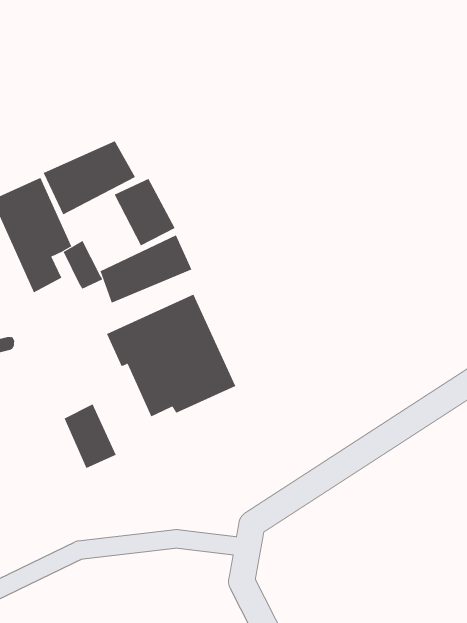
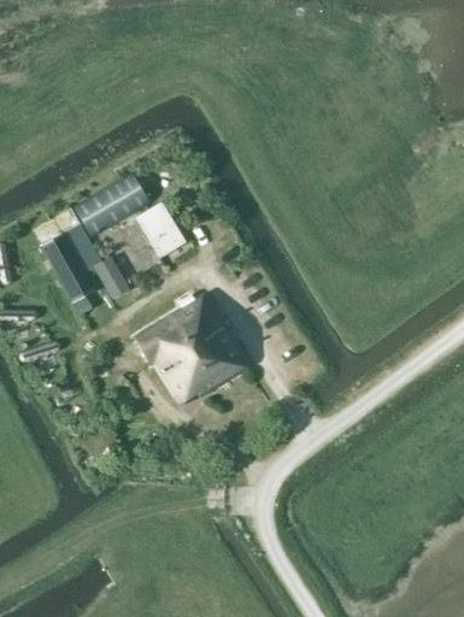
building: [100,235,192,304] -> none
building: [64,404,116,469] -> none

